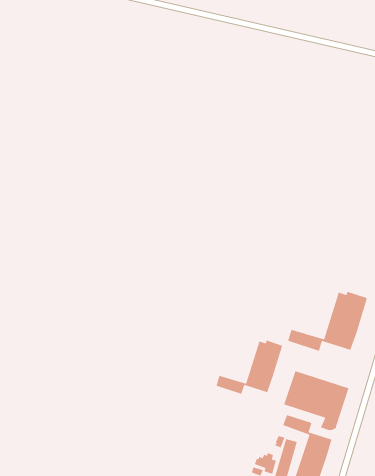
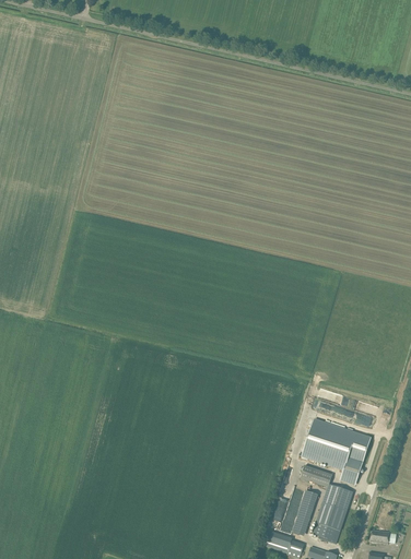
building: [287,291,367,352] -> none
building: [216,340,283,395] -> none

